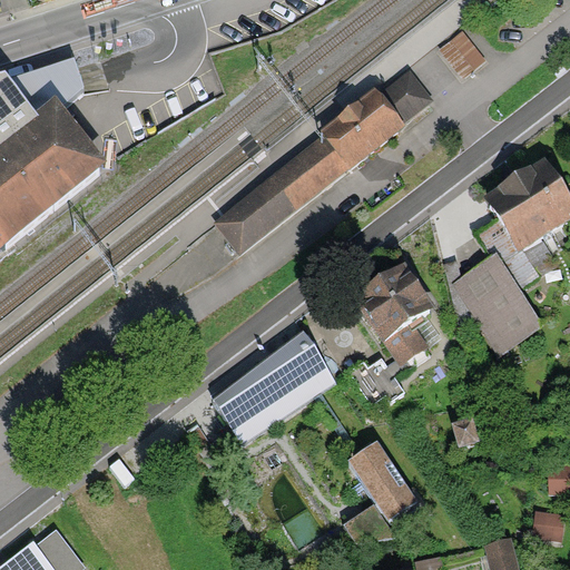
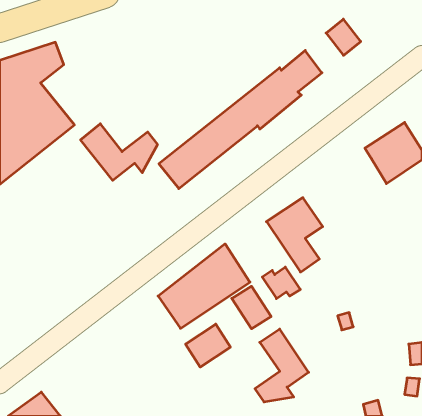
building: none -> [81,124,157,180]
building: [445,214,537,348] -> none
building: none -> [232,286,271,329]
building: none -> [186,324,230,367]

